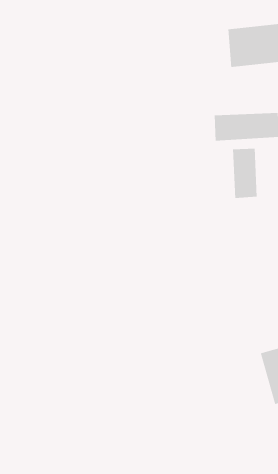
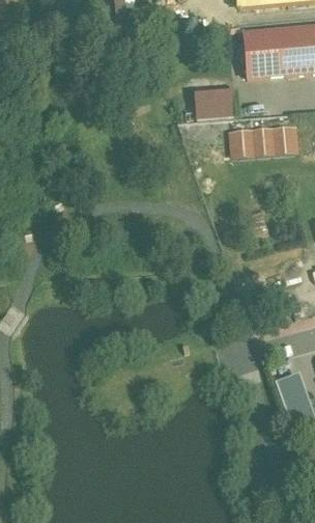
building: none -> [194,89,233,118]
building: [232,148,257,199] -> none

